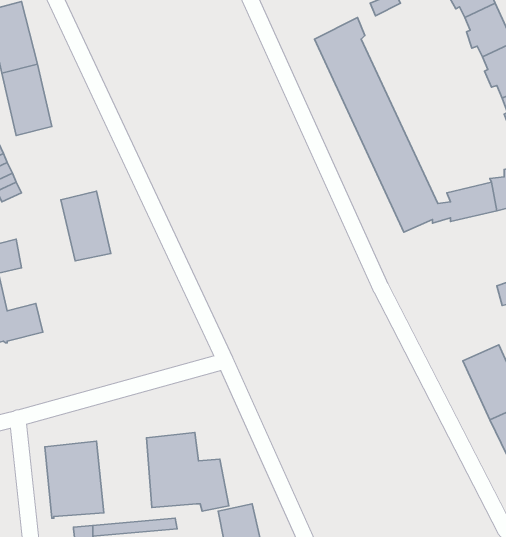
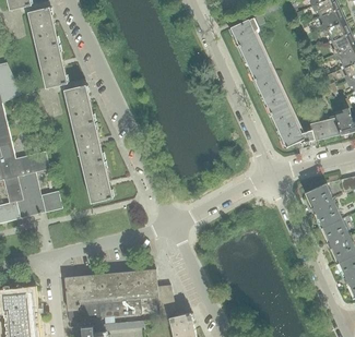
building: none -> [64,84,95,128]
building: none -> [82,160,113,203]
building: none -> [304,183,341,226]
building: none -> [95,273,129,318]

